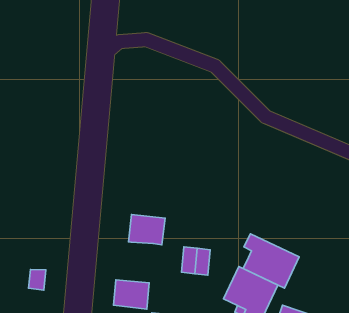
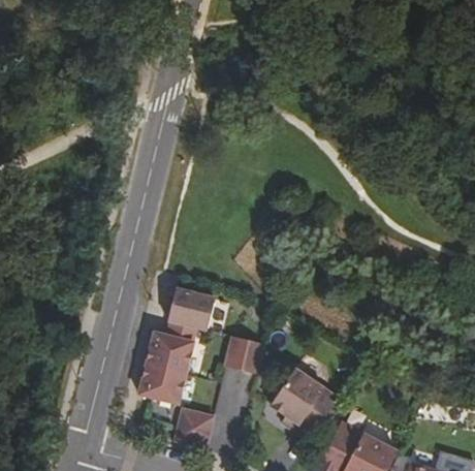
building: [243,234,299,288] -> none
building: none -> [146,320,196,372]

